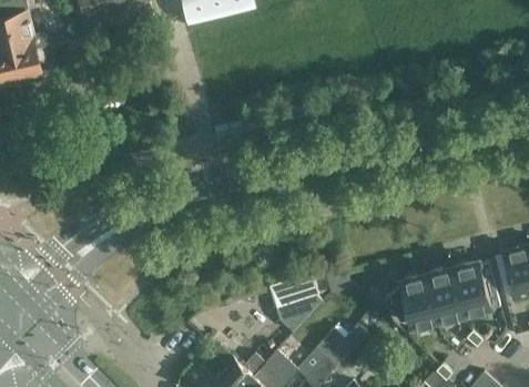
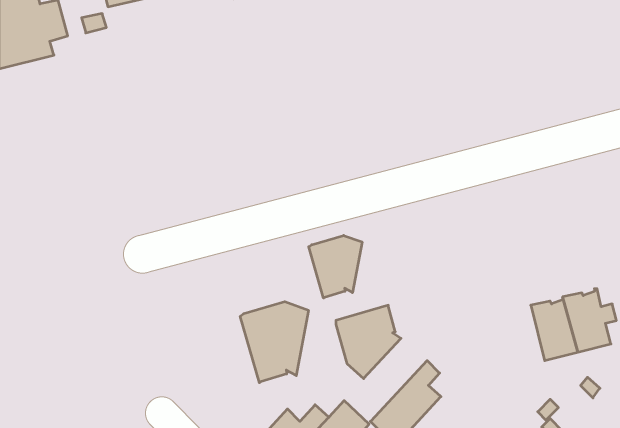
building: none -> [309,235,362,298]
building: none -> [240,302,308,383]
building: [382,273,439,324] -> none

